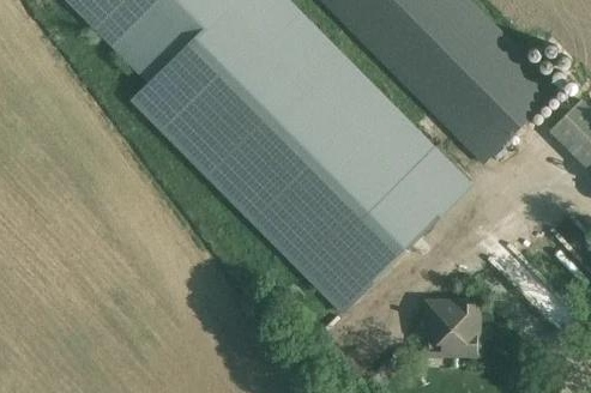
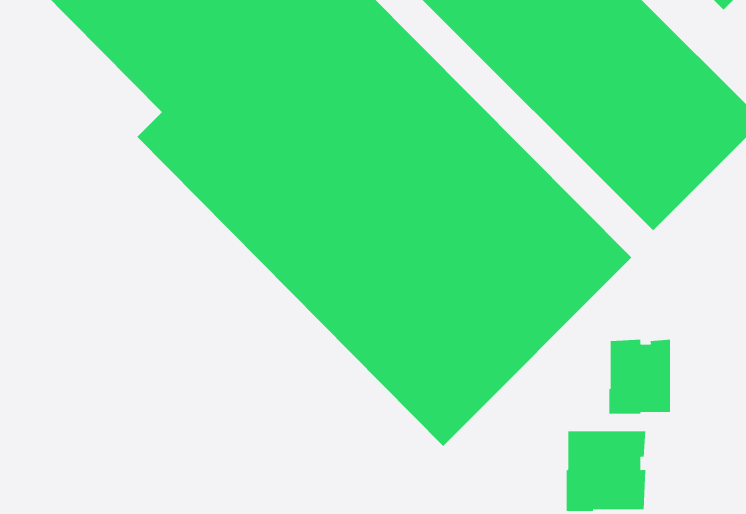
building: none -> [609,339,670,415]

